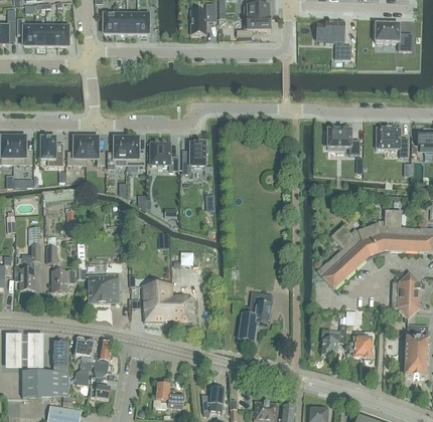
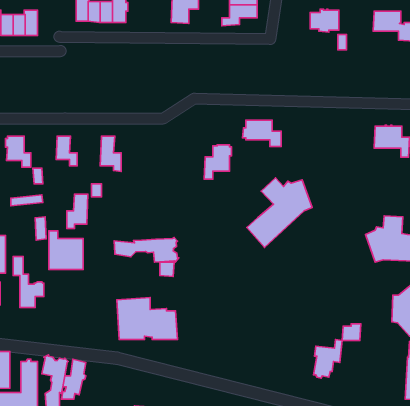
building: [324,129,359,153] -> [242,120,281,147]
building: [67,137,87,164] -> none
building: [108,137,127,168] -> [67,194,88,229]
building: [150,142,178,170] -> none
building: [182,142,207,173] -> [204,145,232,179]
building: [317,224,377,287] -> [247,178,312,247]
building: none -> [114,237,179,262]
building: [88,267,119,302] -> [49,231,83,269]
building: [239,292,273,341] -> none
building: [349,331,373,360] -> none

